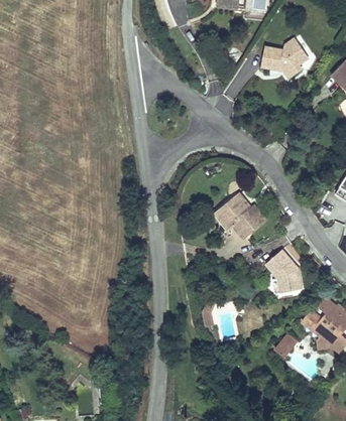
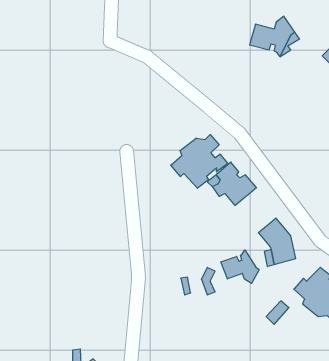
building: none -> [171,135,228,188]
building: none -> [221,250,259,283]

